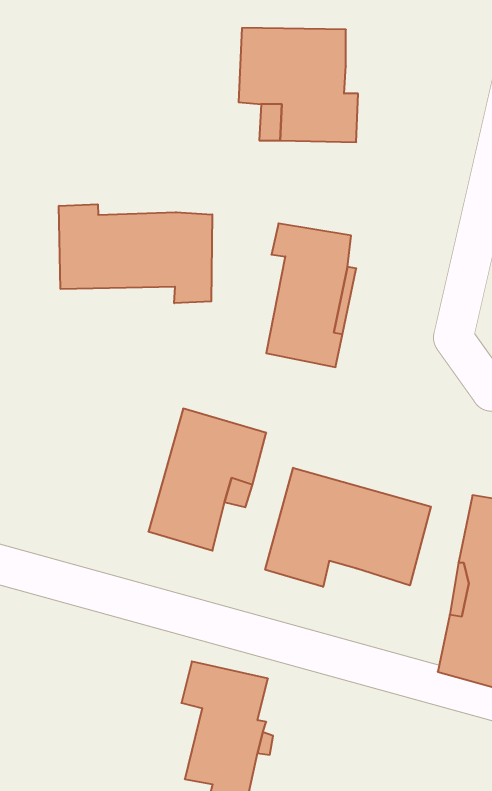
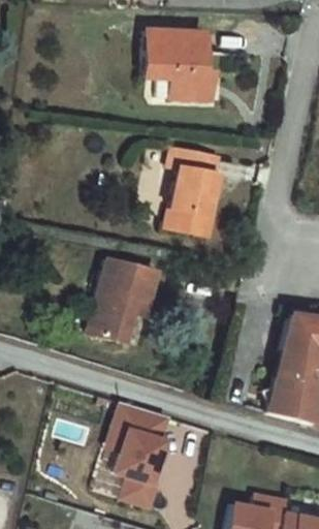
building: [59,204,212,303] -> none
building: [265,468,431,587] -> none

